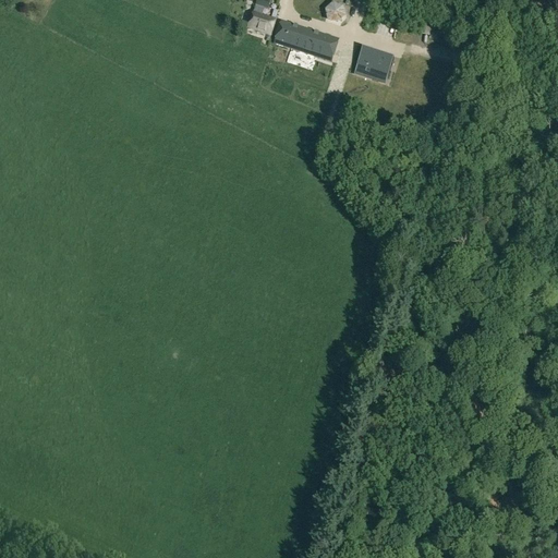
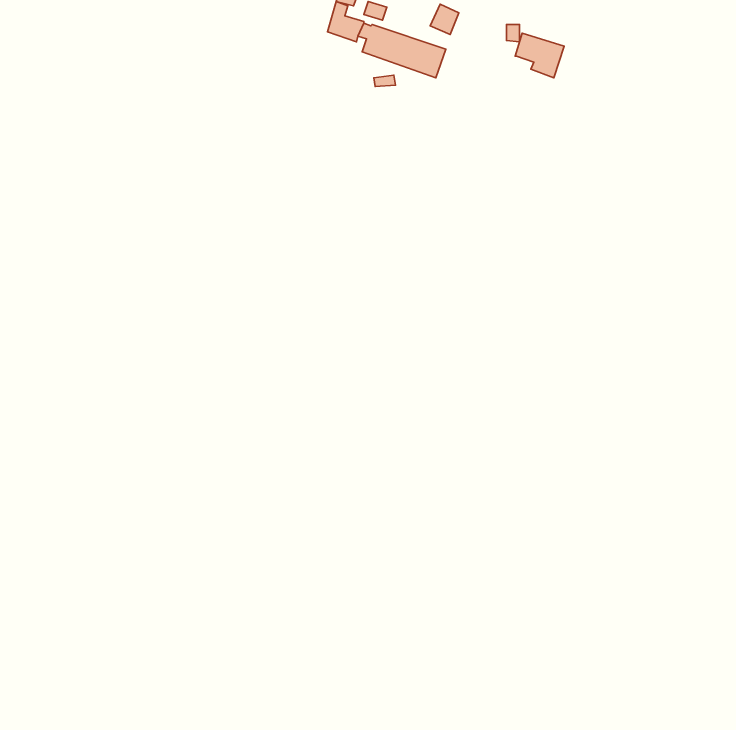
building: [356,45,393,78] -> [515,33,564,78]

